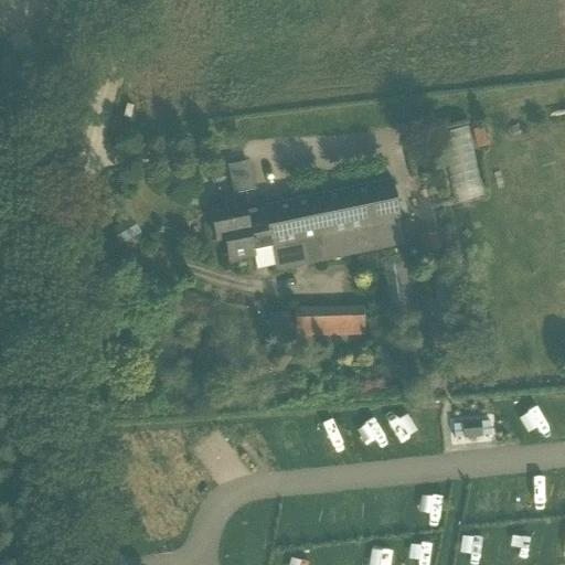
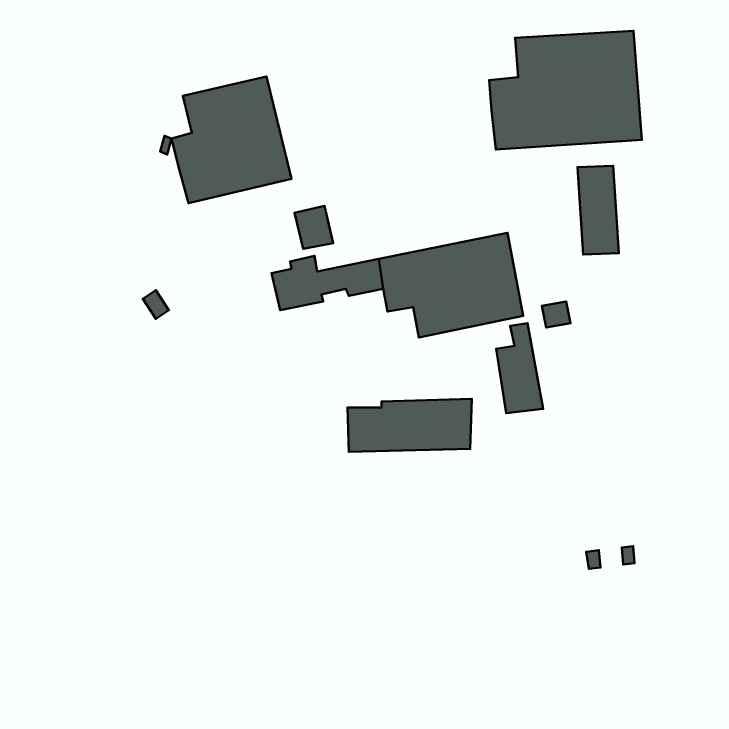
building: none -> [489,31,642,149]
building: none -> [172,76,292,203]
building: [217,223,324,270] -> none

